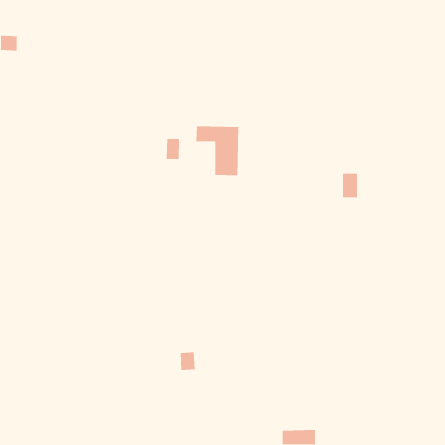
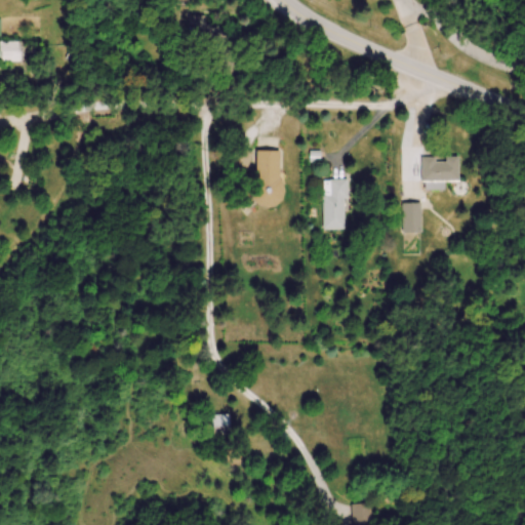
building: none -> [425,157,458,190]
building: [166,138,180,160] -> none
building: none -> [323,178,347,229]

